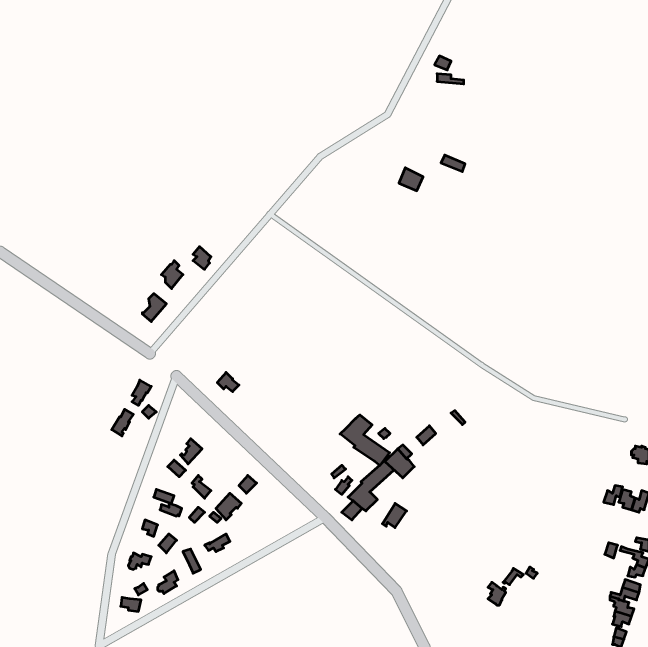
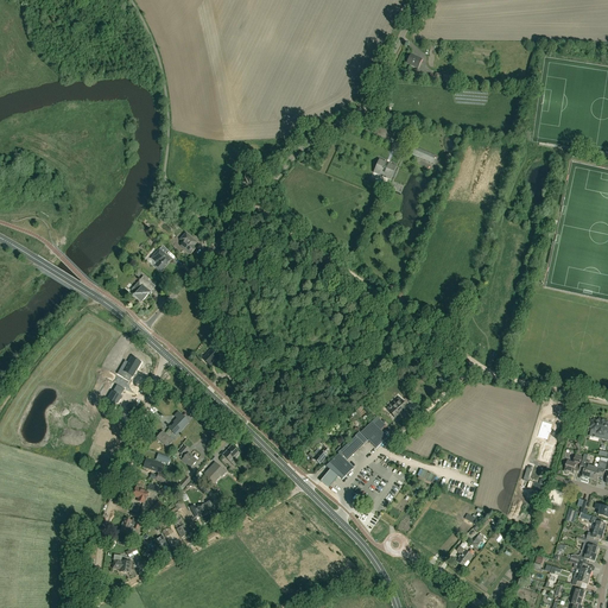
building: [340,415,390,465] -> none

